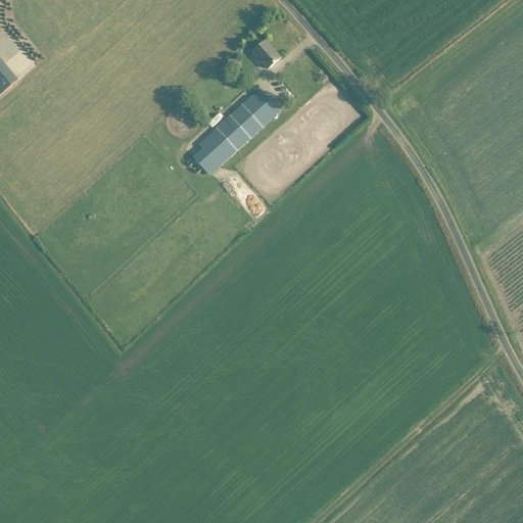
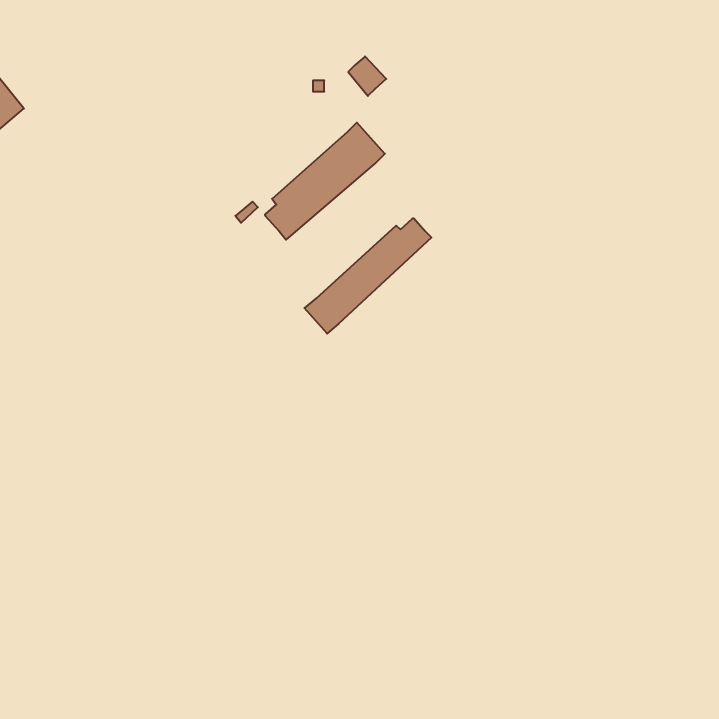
building: none -> [304,218,431,334]

